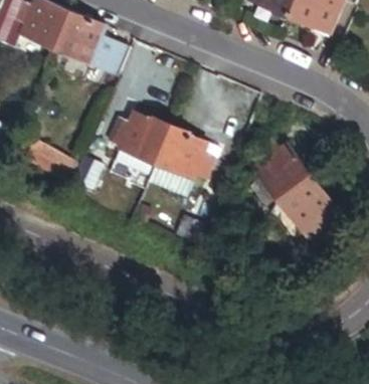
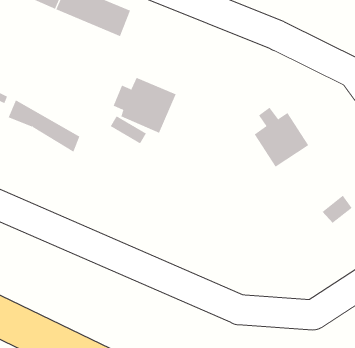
building: [159,128,216,181] -> none
building: [268,176,328,230] -> none

